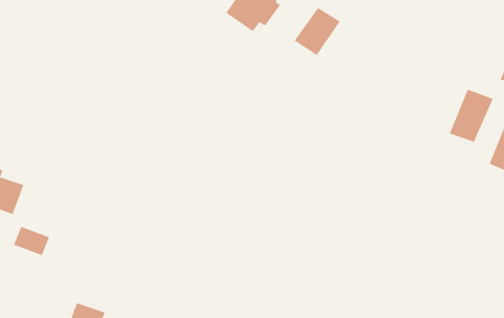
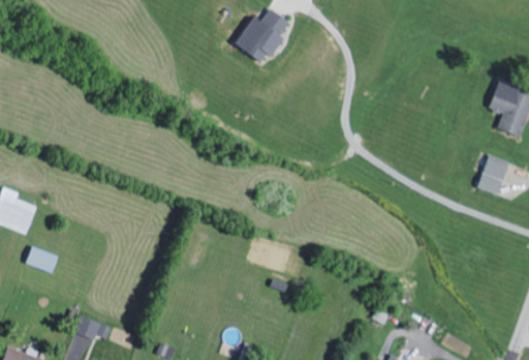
building: [294,7,340,56] -> none
building: [449,89,493,143] -> none

